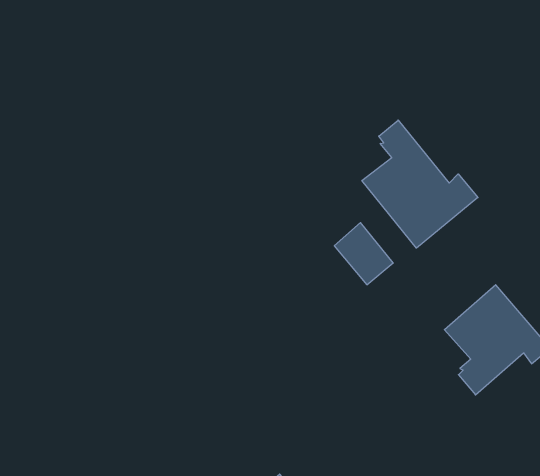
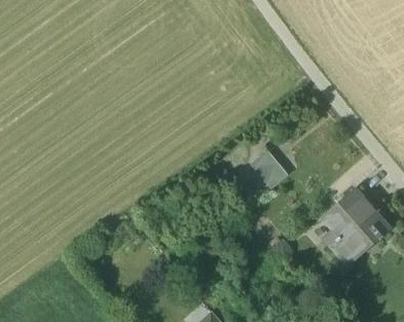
building: [362,120,478,248] -> none

